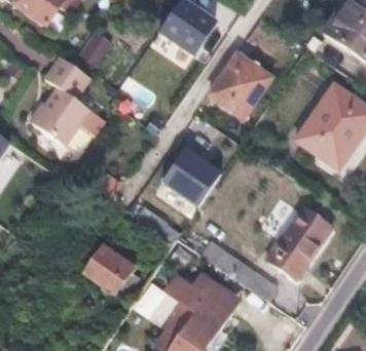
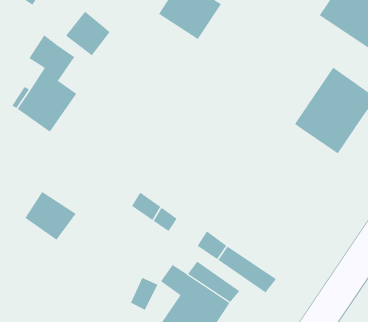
building: [209,55,269,117] -> none
building: [169,151,227,208] -> none
building: [264,207,331,280] -> none
building: [87,244,137,291] -> [25,191,76,241]

